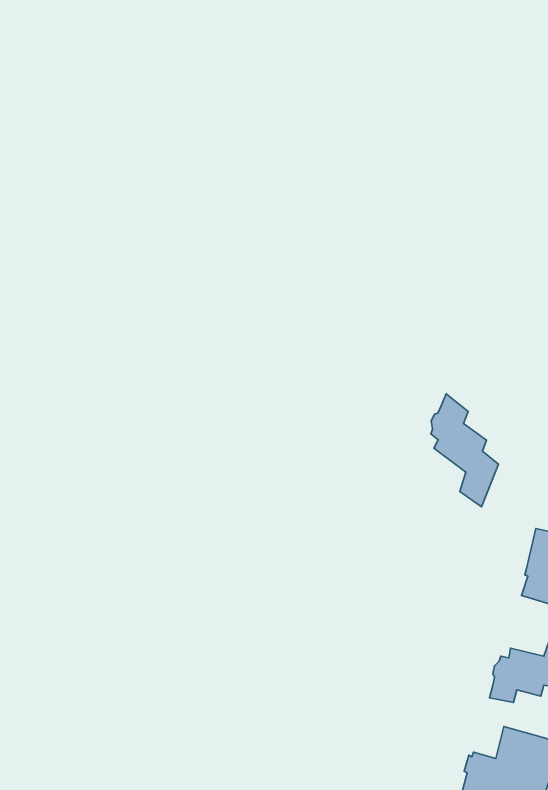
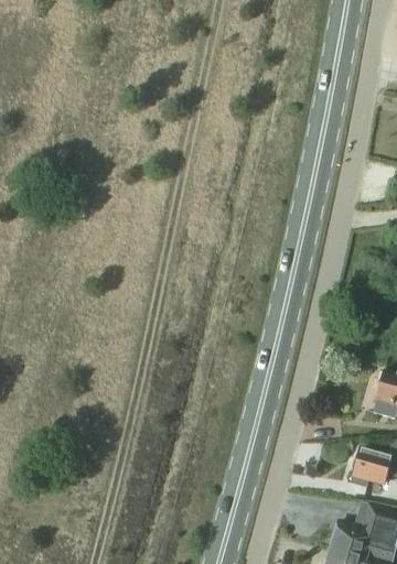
building: [431,394,499,507] -> none

